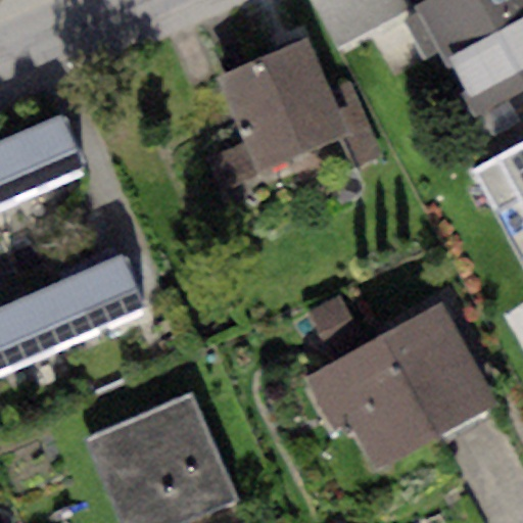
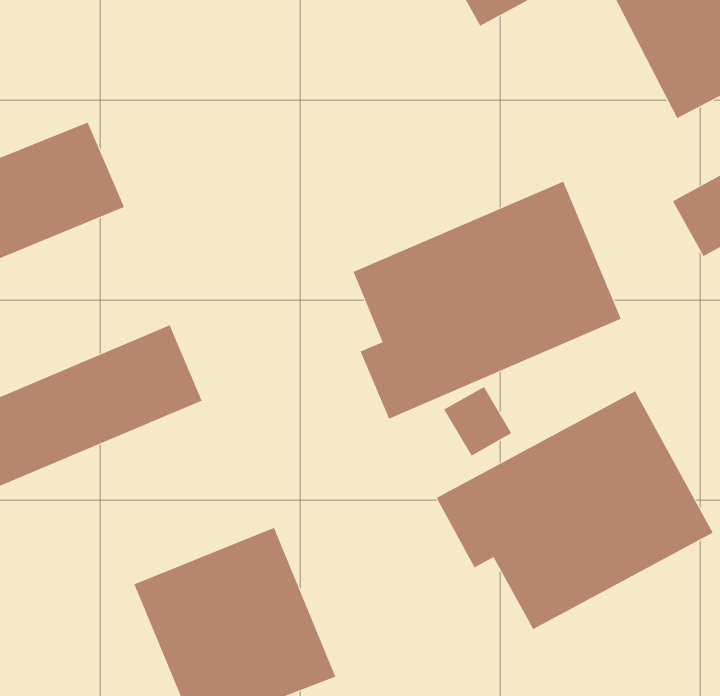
building: [216,36,381,173] -> none
building: none -> [353,181,621,419]

